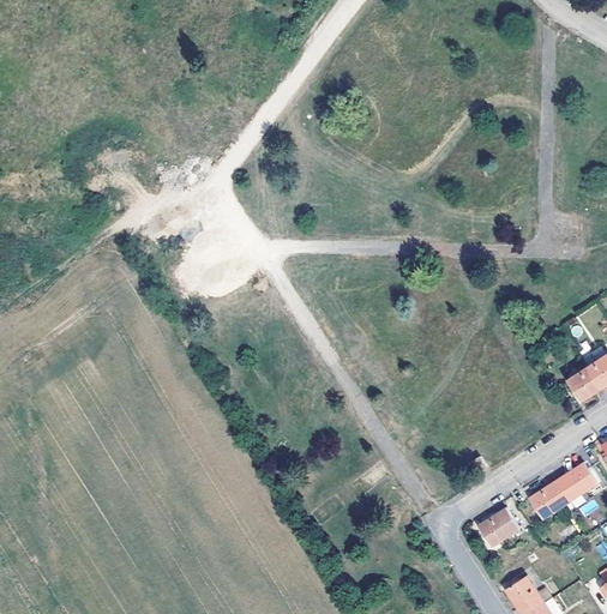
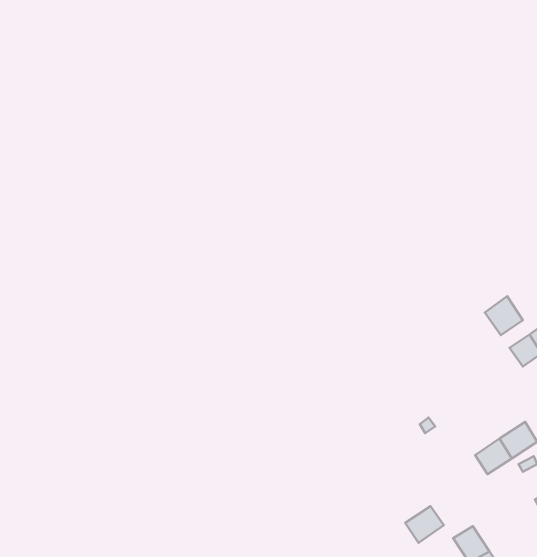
building: none -> [485,296,523,335]
building: [477,507,519,547] -> [405,506,444,543]

